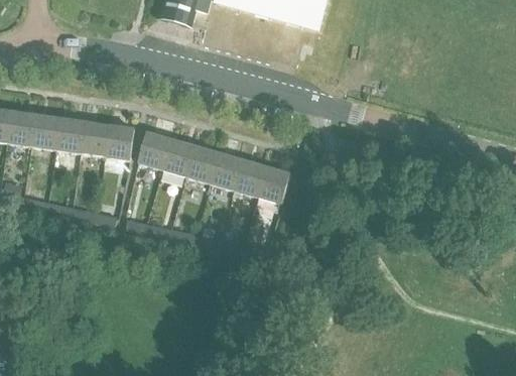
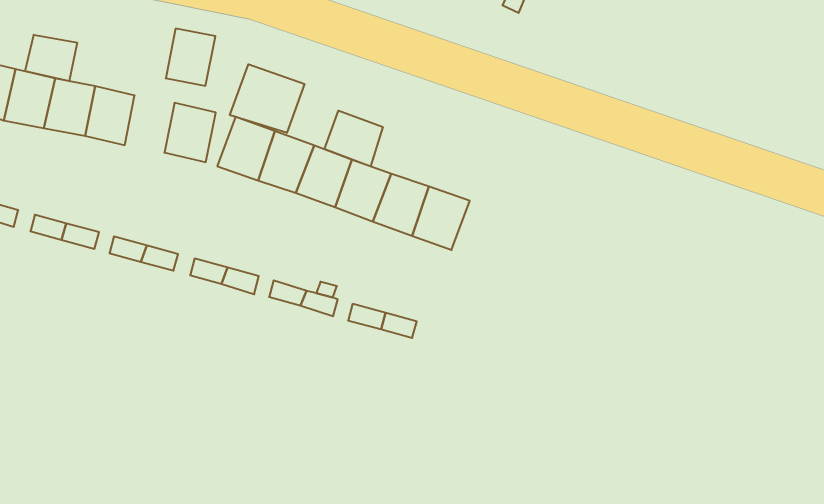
building: none -> [25,35,77,81]
building: none -> [230,64,304,133]
building: [81,122,109,155] -> [166,29,215,86]
building: none -> [324,111,383,166]

